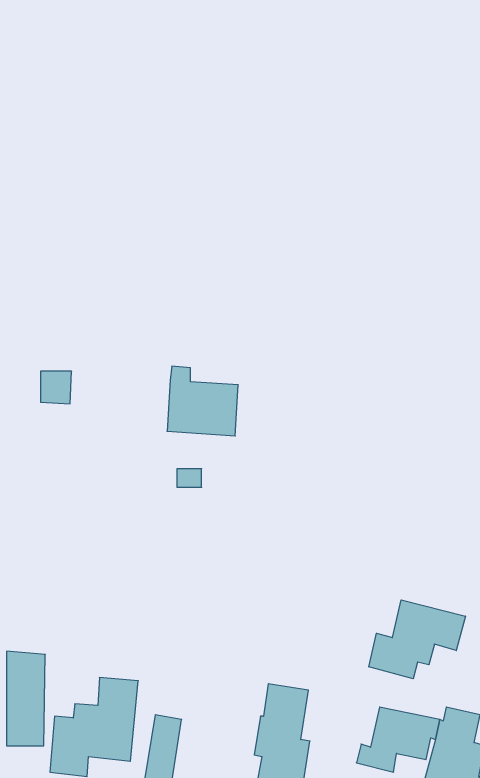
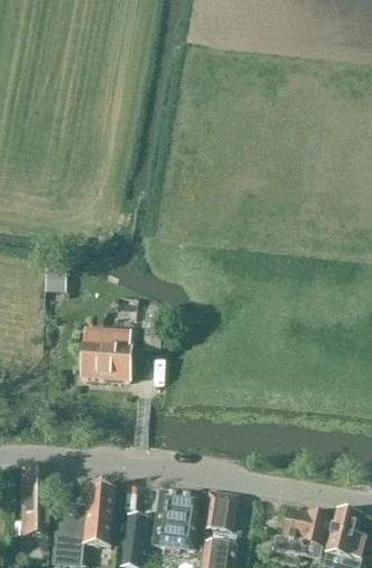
building: [167,366,238,436] -> [82,333,133,383]
building: [369,600,465,679] -> none
building: none -> [153,494,203,552]

